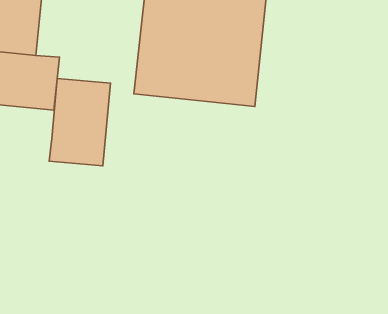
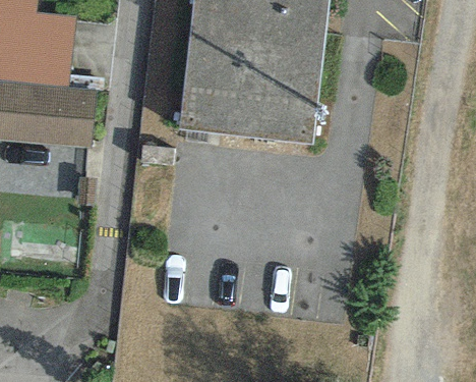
building: [49,78,111,166] -> none

